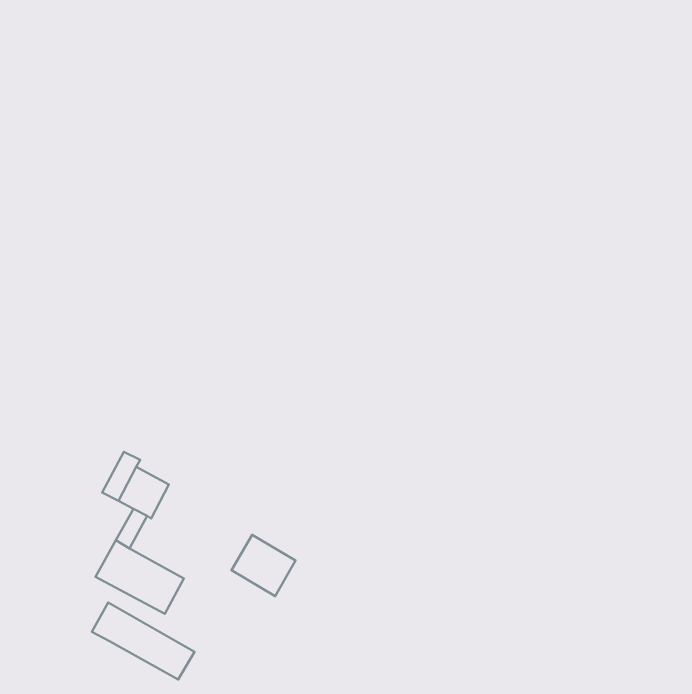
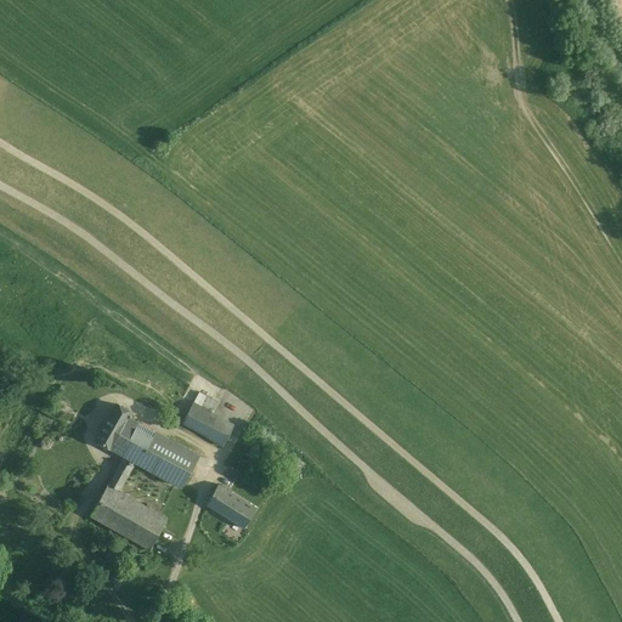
building: none -> [185,397,244,445]
building: none -> [135,432,193,486]
building: [92,603,194,679] -> none

